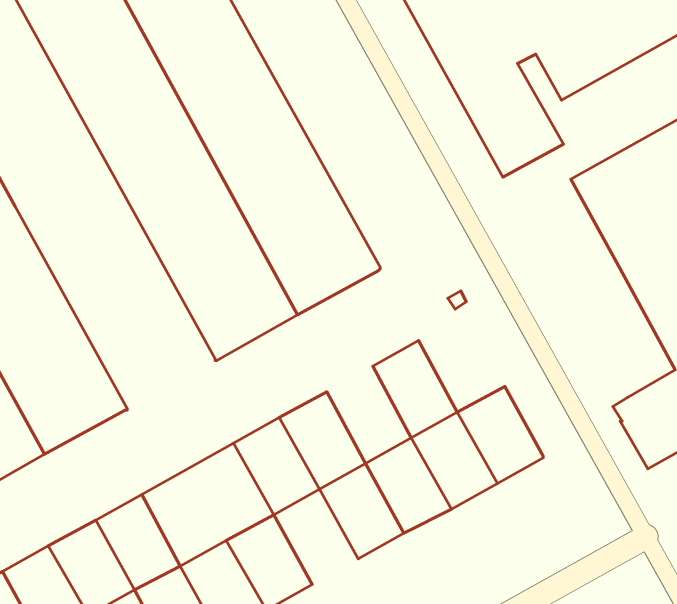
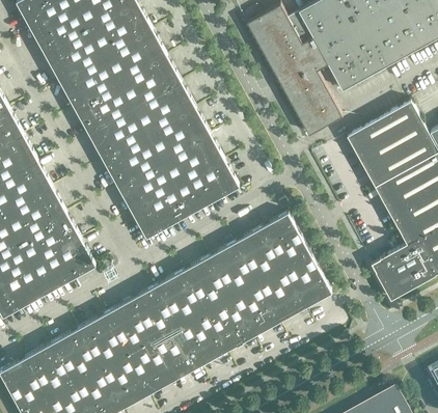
building: none -> [261,213,309,267]
building: none -> [209,241,256,296]
building: none -> [179,310,226,364]

